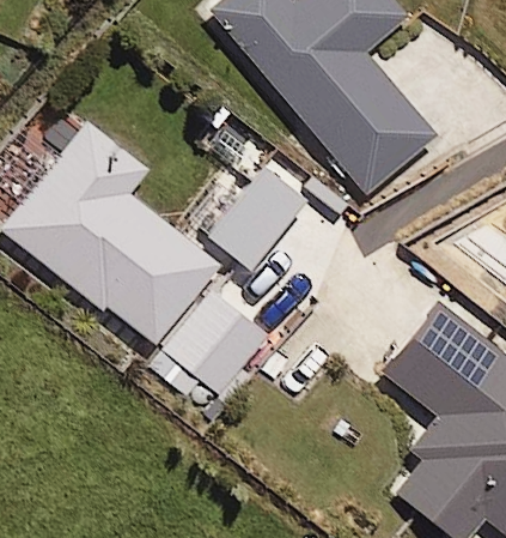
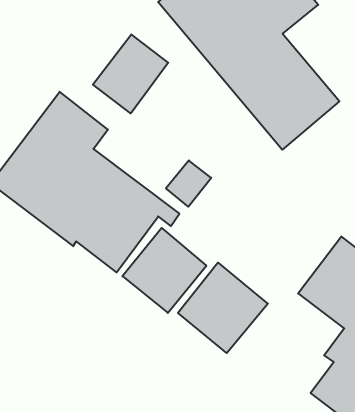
building: none -> [93,34,168,113]
building: none -> [178,263,268,353]

